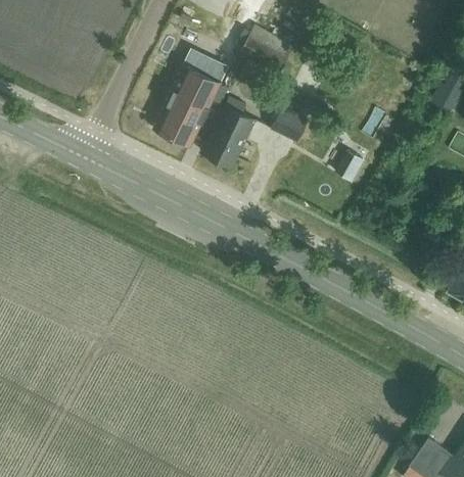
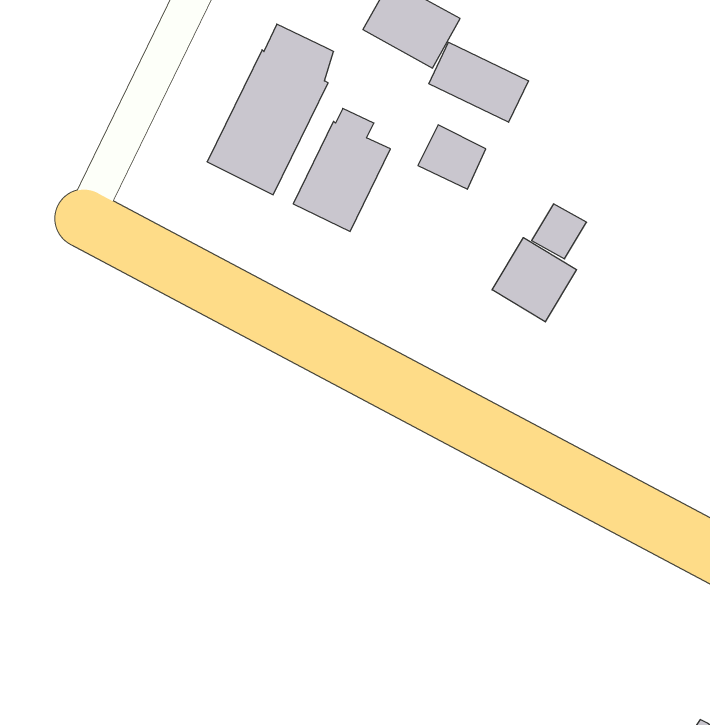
building: none -> [429,42,528,122]
building: none -> [492,238,577,322]

